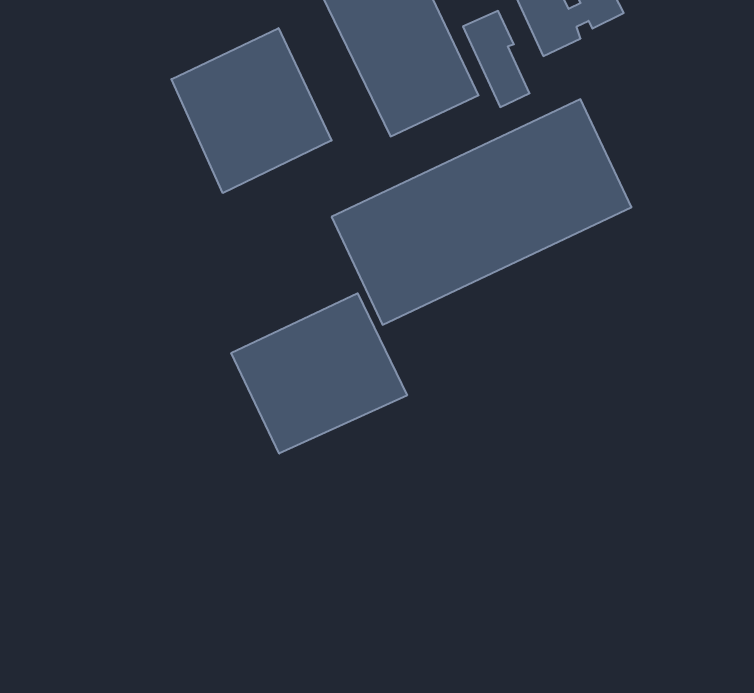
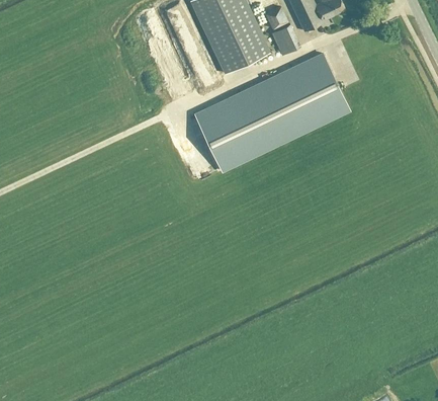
building: [171,28,332,193] -> none
building: [231,293,407,454] -> none

